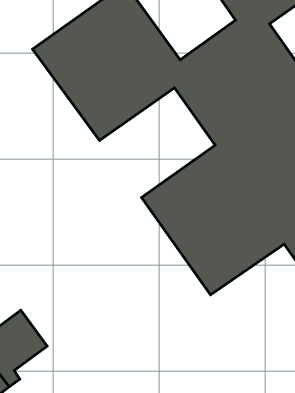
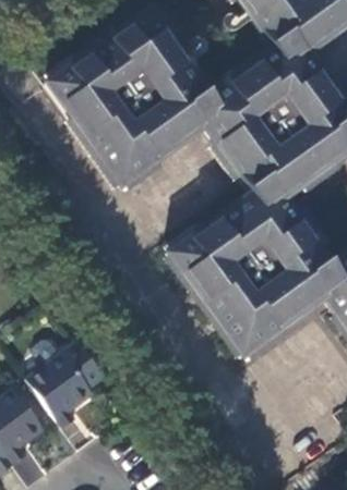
building: none -> [32,340,109,426]

